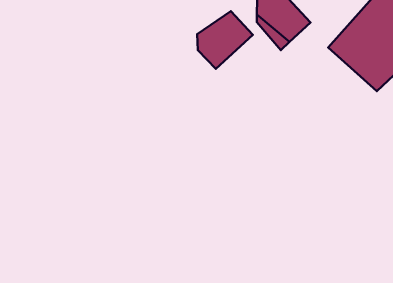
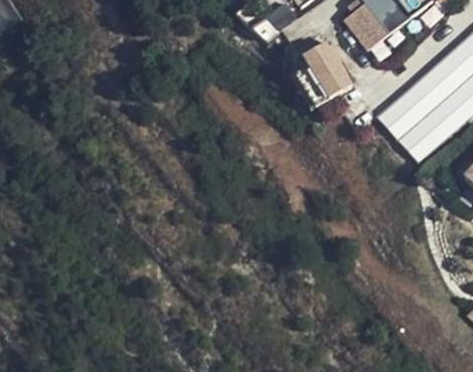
building: [197,11,253,69] -> none

